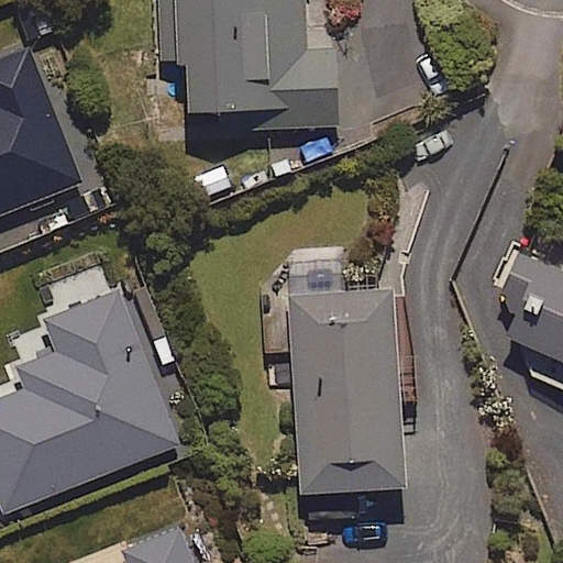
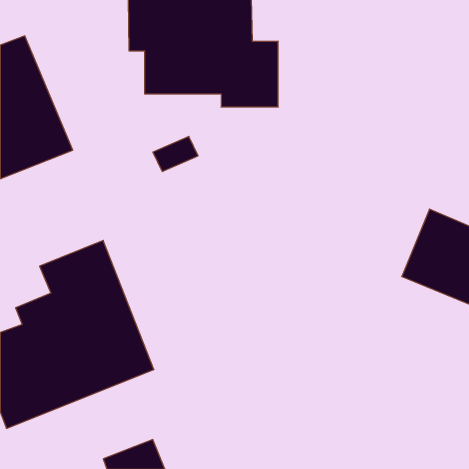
building: [286,287,416,547] -> none

